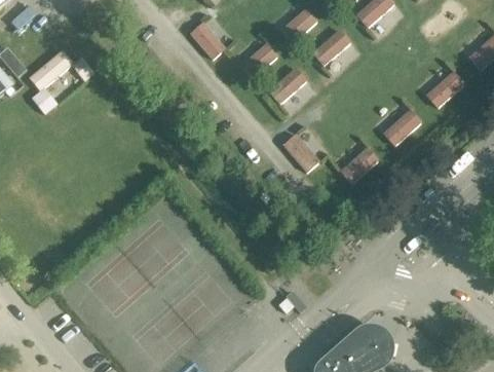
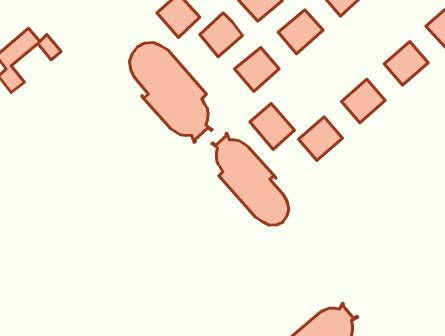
building: none -> [129,42,212,142]
building: none -> [212,133,289,225]

